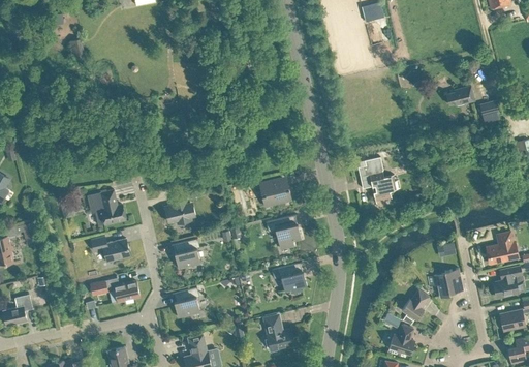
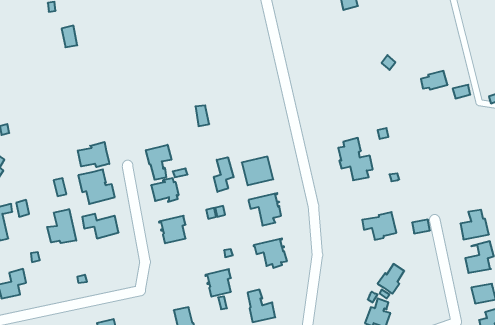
building: none -> [78,142,109,167]
building: none -> [146,145,171,180]
building: none -> [214,157,234,192]
building: none -> [47,209,76,243]
building: [427,269,463,298] -> [362,212,396,240]
building: [104,278,139,304] -> none
building: [172,287,198,316] -> [205,269,231,297]

